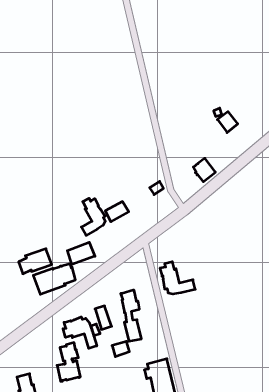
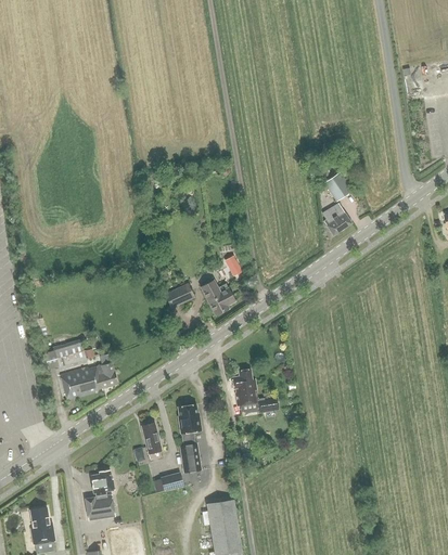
building: [193,158,215,182] -> [321,203,350,234]
building: none -> [201,280,234,314]
building: [81,198,105,235] -> none
building: [67,242,95,264] -> none
building: [63,317,97,348] -> none

